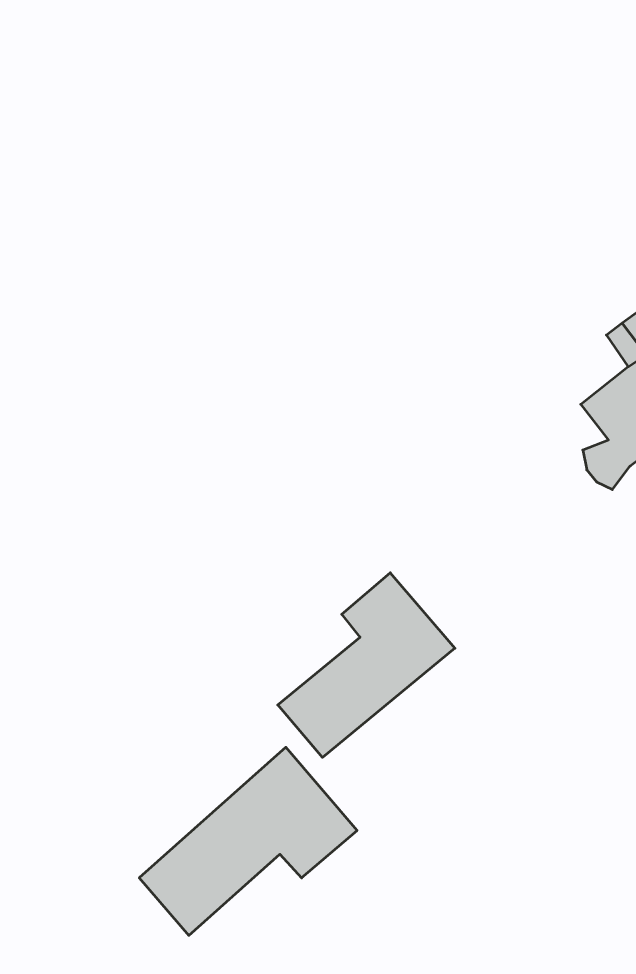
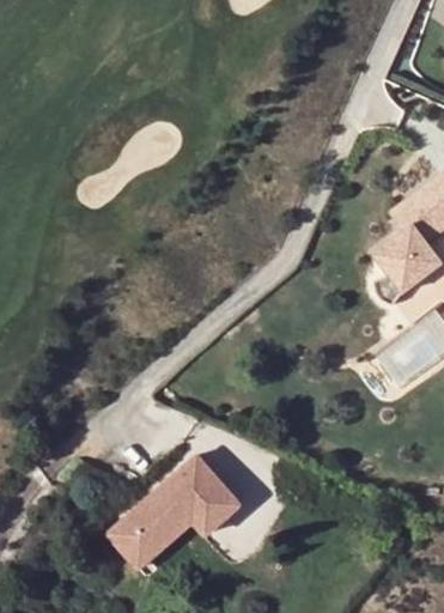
building: [278,573,455,757] -> none

